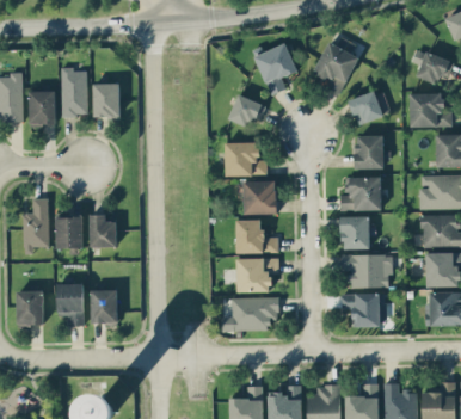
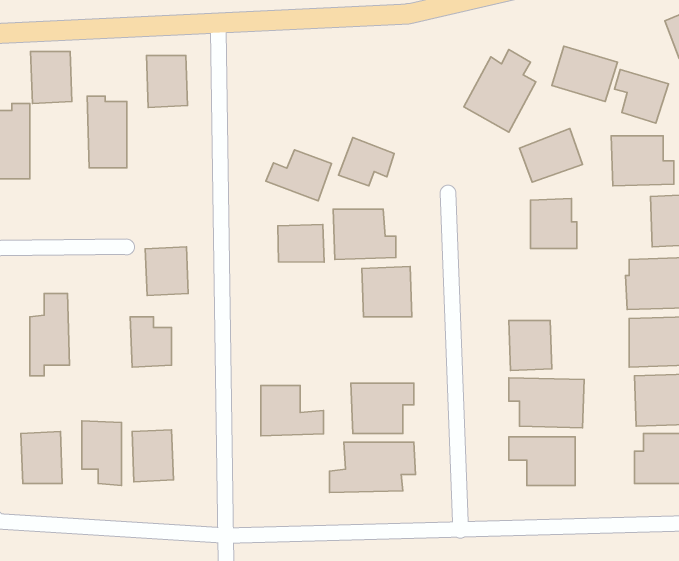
building: none -> [552,46,617,101]
building: [254,42,297,95] -> none
building: [93,84,121,118] -> [146,55,188,107]
building: [29,91,56,125] -> [31,51,72,103]
building: none -> [266,150,332,201]
building: none -> [278,224,324,262]
building: [340,175,382,210] -> none
building: [55,216,84,248] -> [145,247,188,295]
building: [236,220,278,253] -> [261,386,324,436]

